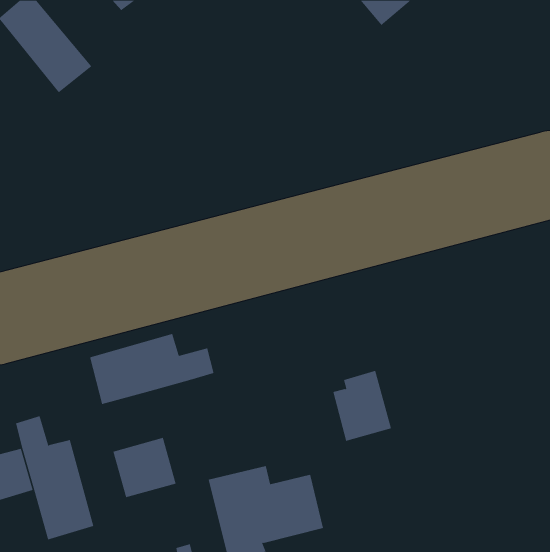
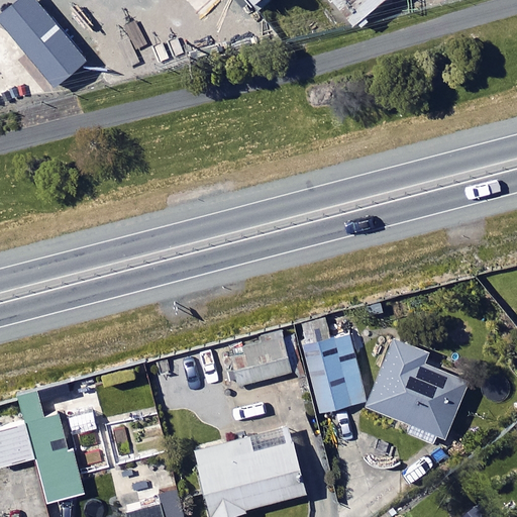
building: [90,333,214,405] -> none
building: none -> [367,335,469,443]
building: none -> [230,338,292,385]

